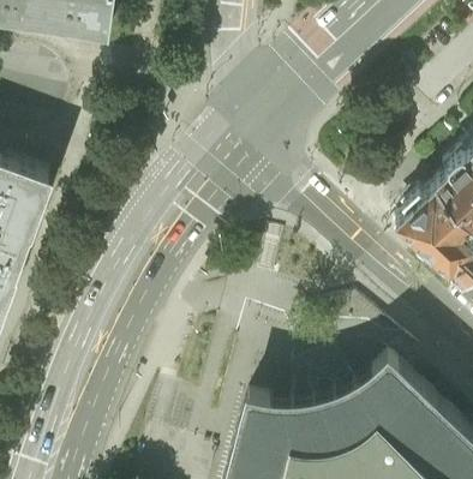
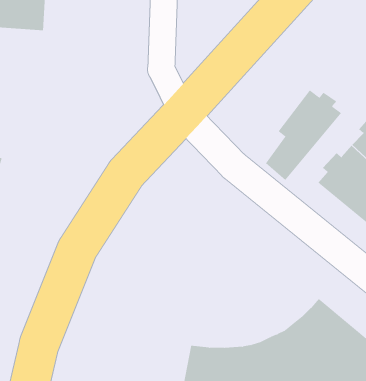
building: none -> [265,89,342,181]

